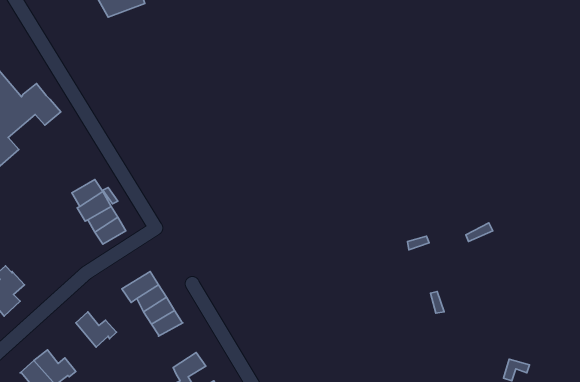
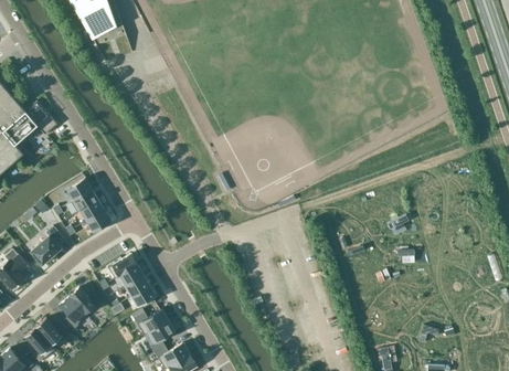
building: none -> [30,226,63,265]
building: none -> [60,296,86,330]
building: none -> [134,309,168,336]

